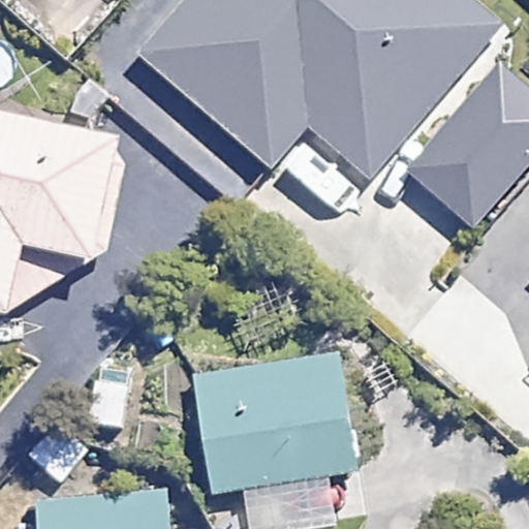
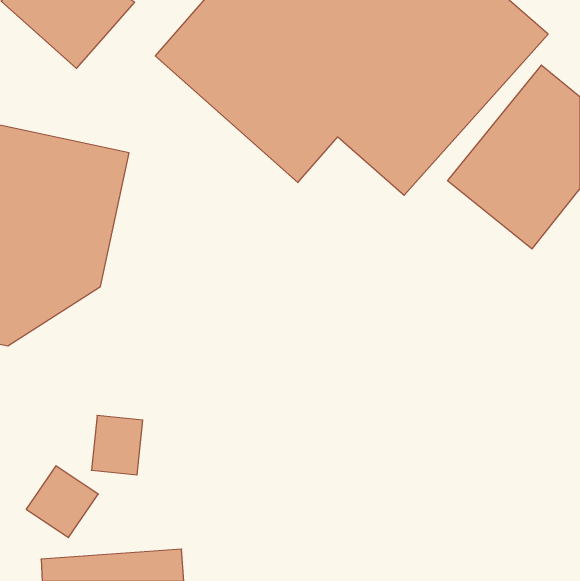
building: [187,346,365,500] -> none

